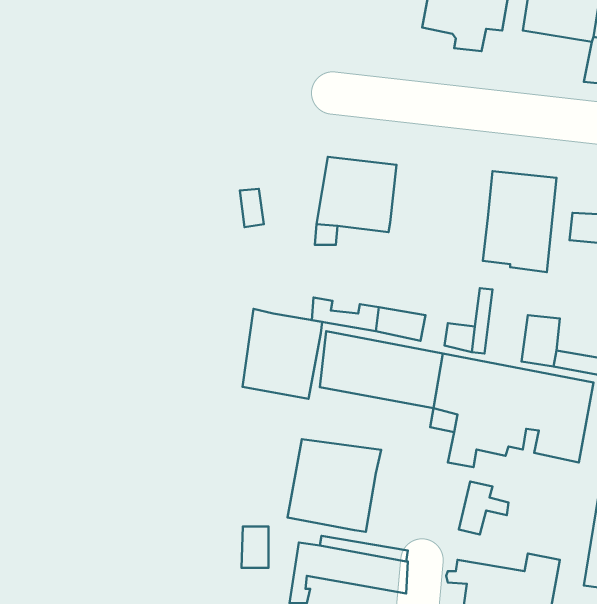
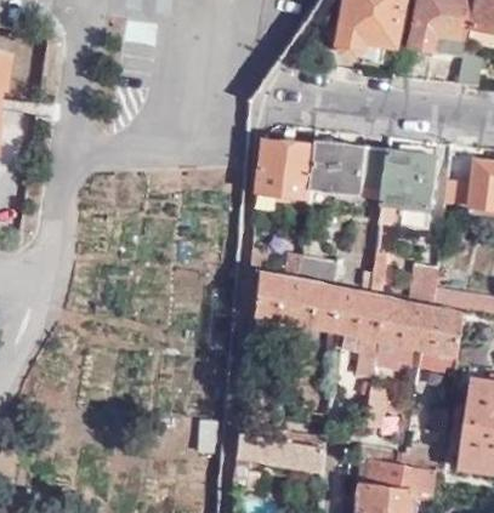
building: none -> [310,141,388,195]
building: [243,309,322,399] -> none
building: [287,439,381,532] -> none

